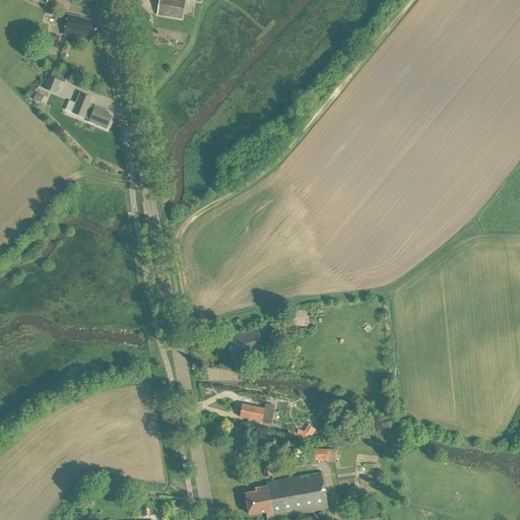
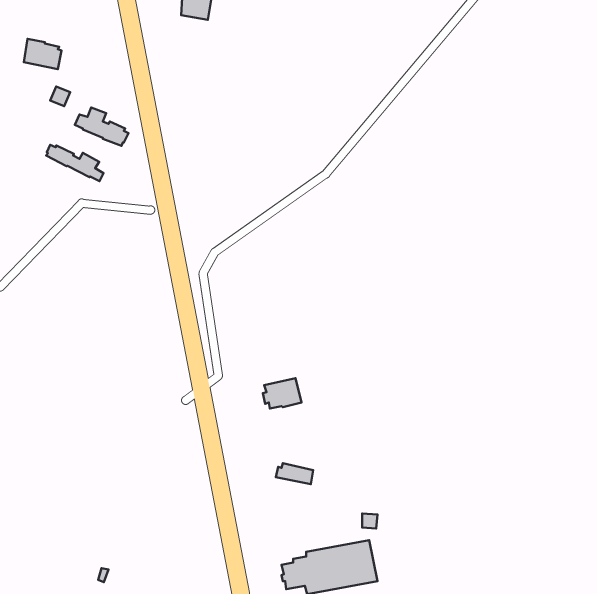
building: [64,13,96,40] -> [24,39,61,69]
building: none -> [46,145,103,181]

